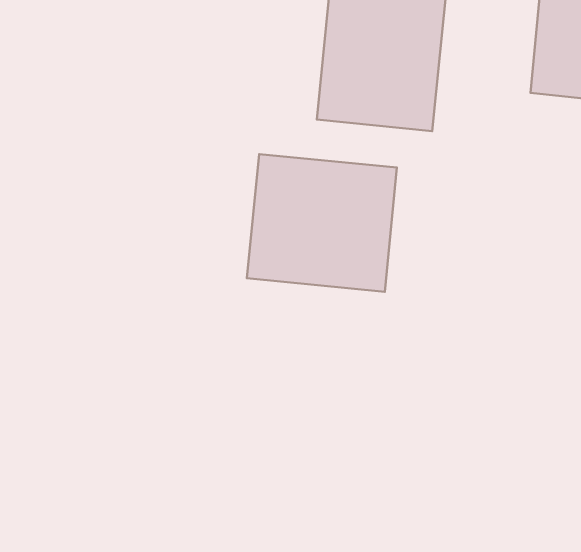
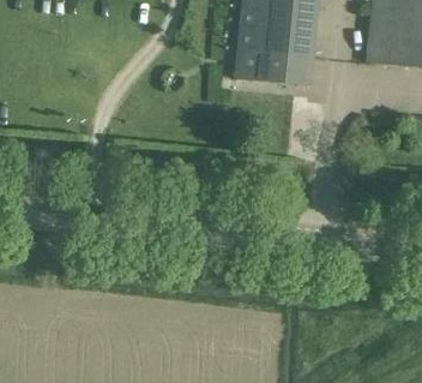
building: [247,154,397,292] -> none

